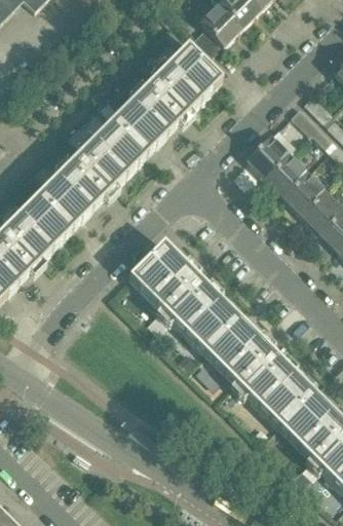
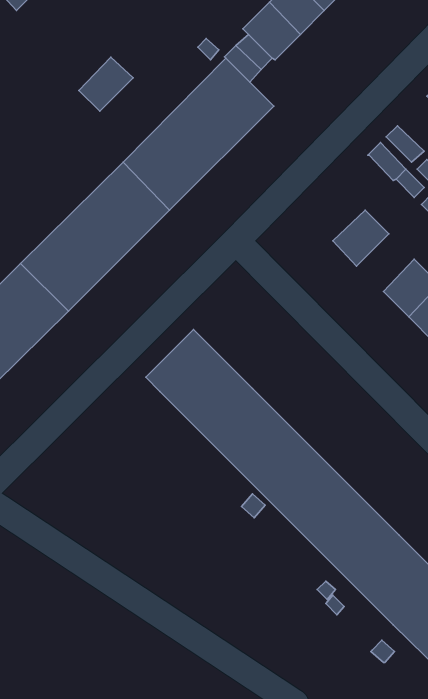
building: none -> [79,57,133,111]
building: [245,135,288,177] -> none
building: [281,172,323,214] -> none

